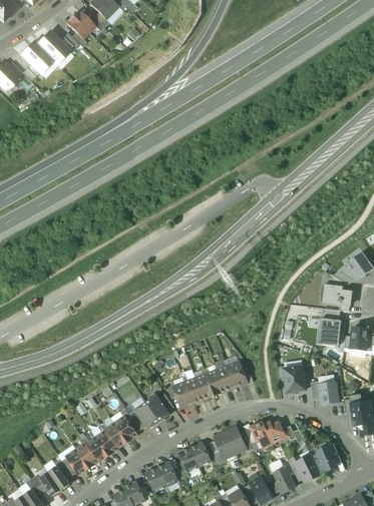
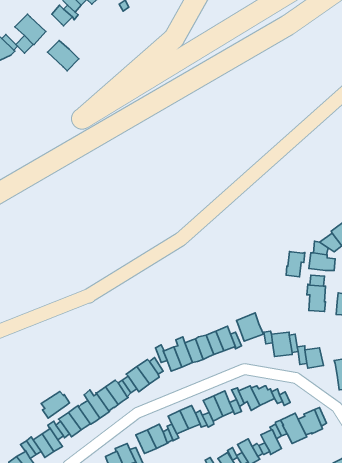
building: [36,32,68,63] -> [48,40,79,71]
building: none -> [286,252,305,277]
building: none -> [236,313,263,341]
building: none -> [41,392,70,418]

